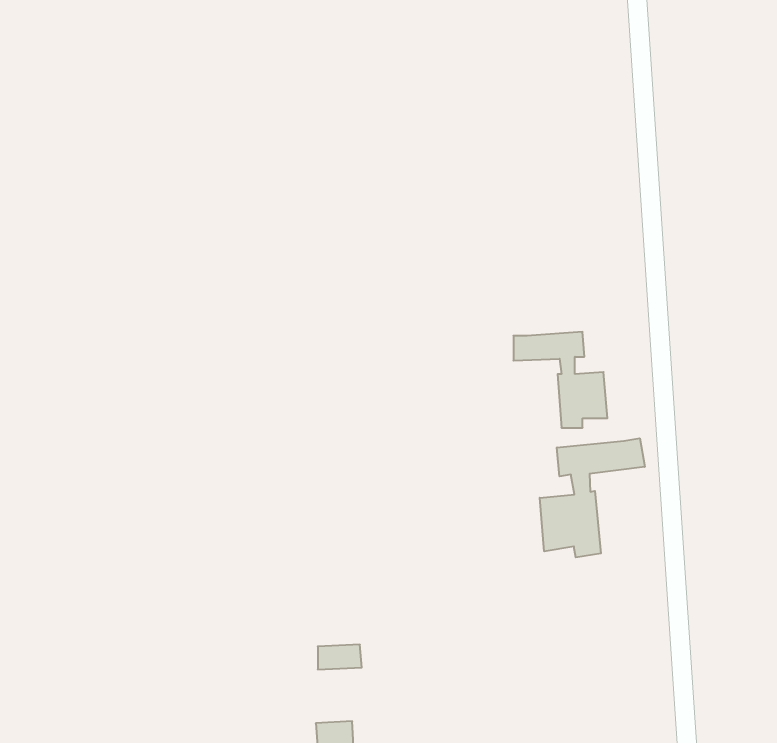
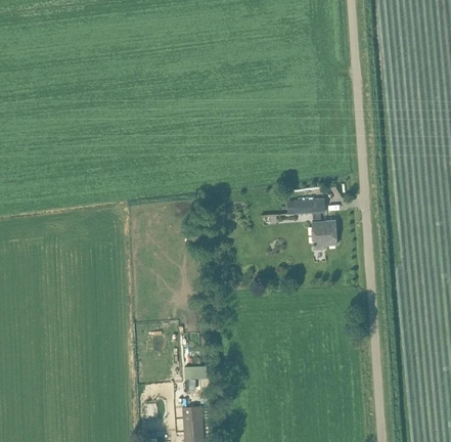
building: [540,438,645,557] -> none

